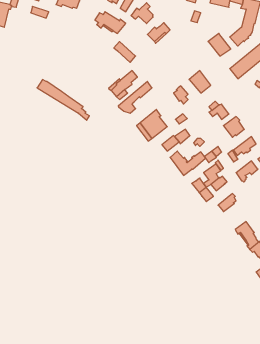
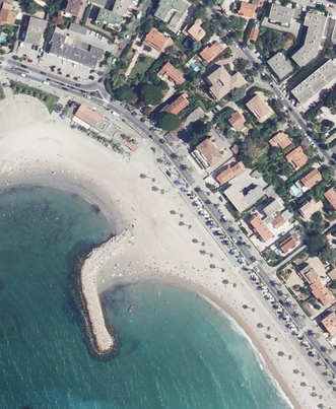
building: none -> [50,27,104,68]
building: none -> [205,66,246,100]

